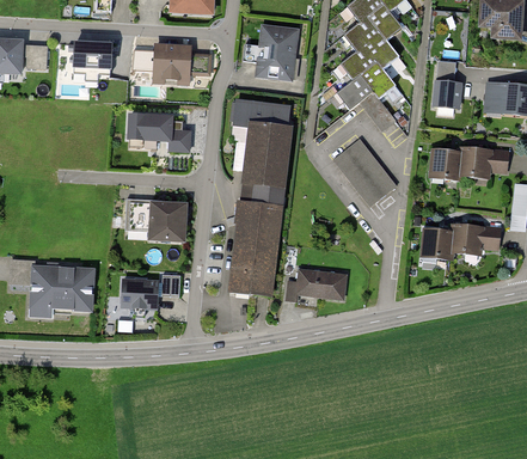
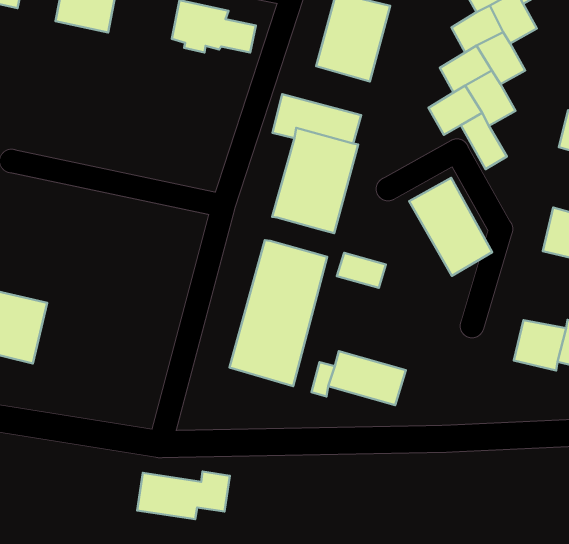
building: [127,115,189,151] -> none
building: [241,184,274,204] -> [337,253,386,288]
building: [123,194,186,238] -> none
building: [118,269,178,302] -> [137,472,230,519]

